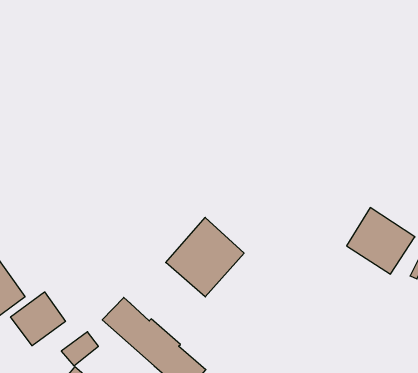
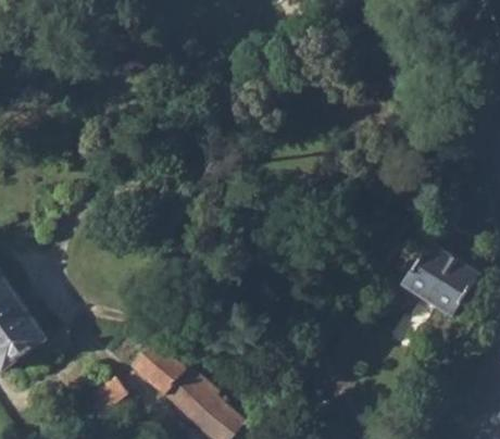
building: [166,217,244,297] -> none
building: [11,292,65,346] -> none

